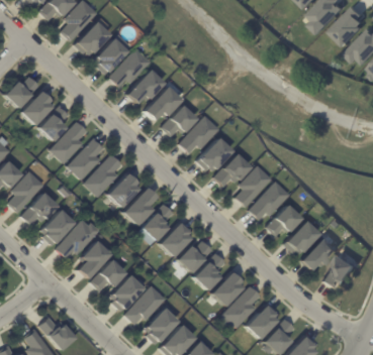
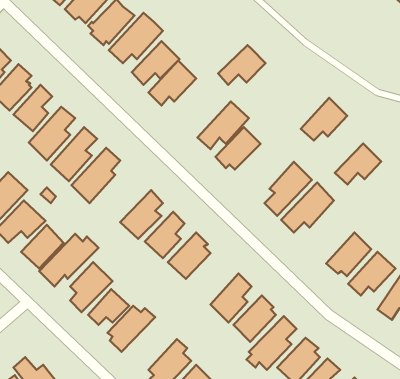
building: [163,103,200,134] -> [218,45,266,85]
building: [212,151,249,185] -> [301,98,347,140]
building: [106,169,138,206] -> none
building: [264,203,300,235] -> [335,143,381,184]
building: [175,239,210,271] -> none
building: [122,283,164,323] -> none

